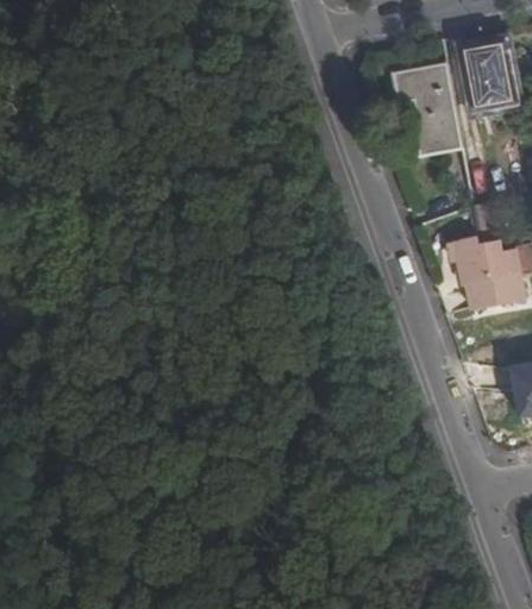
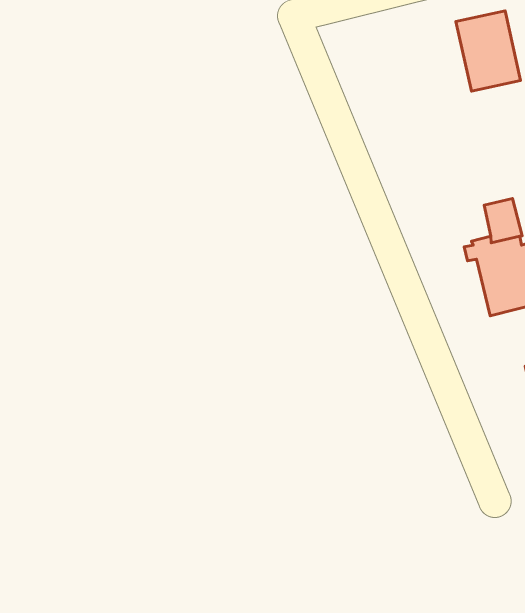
building: [392,61,462,157] -> none

